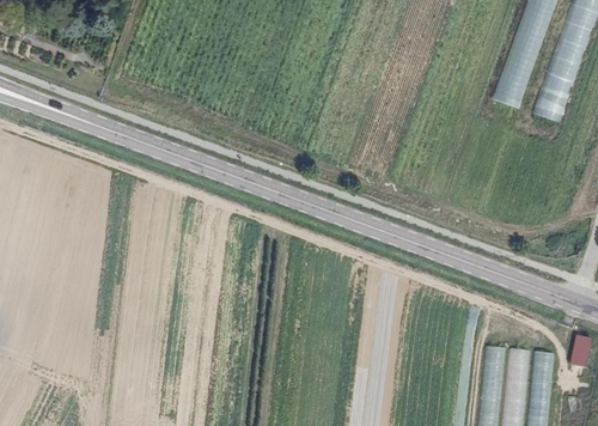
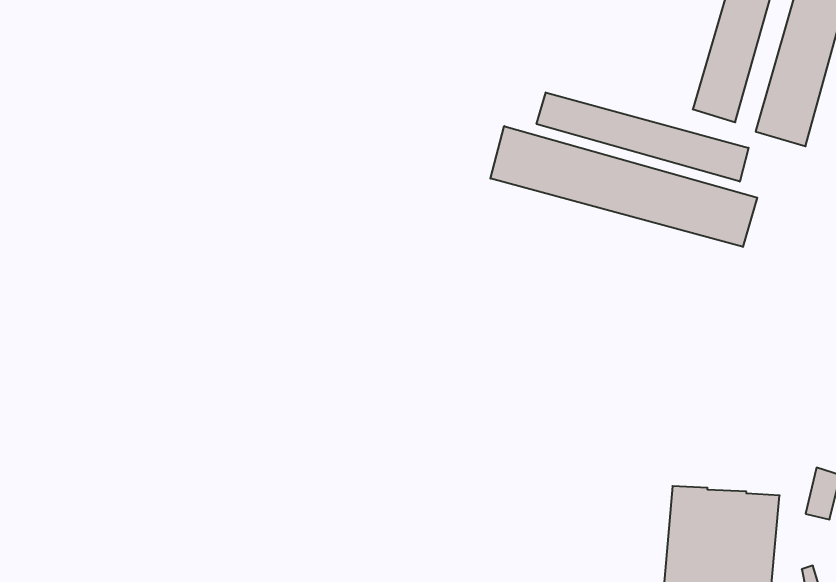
building: none -> [537,92,749,182]
building: none -> [490,126,757,247]

